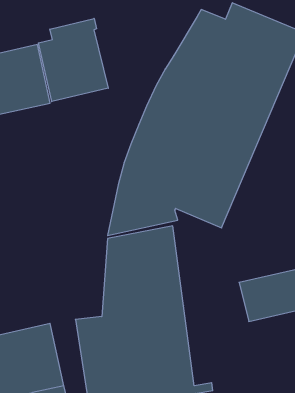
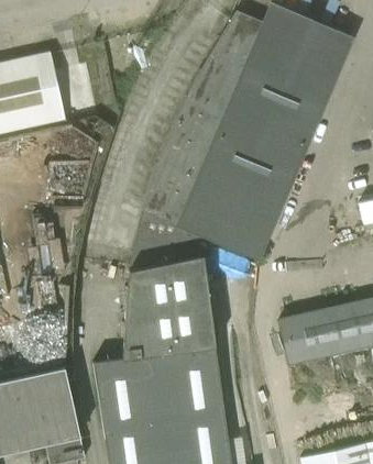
building: [38,18,108,102] -> none

